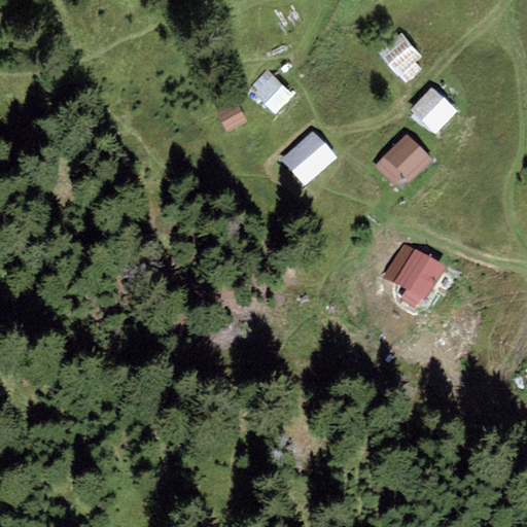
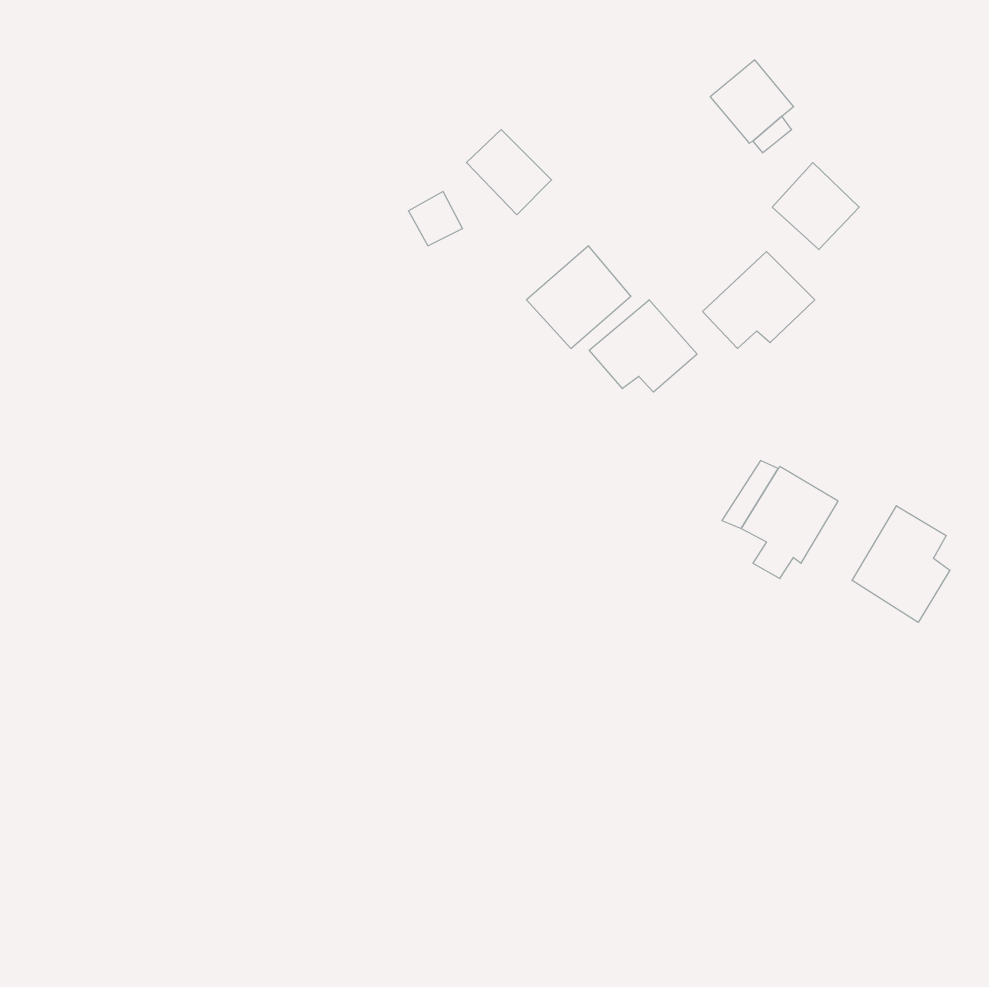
building: none -> [589,300,697,392]
building: none -> [852,506,950,622]

